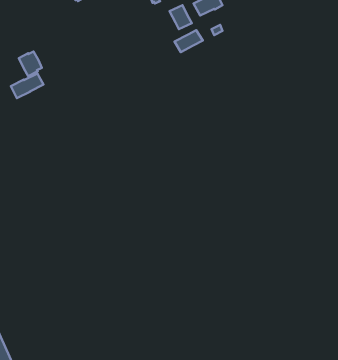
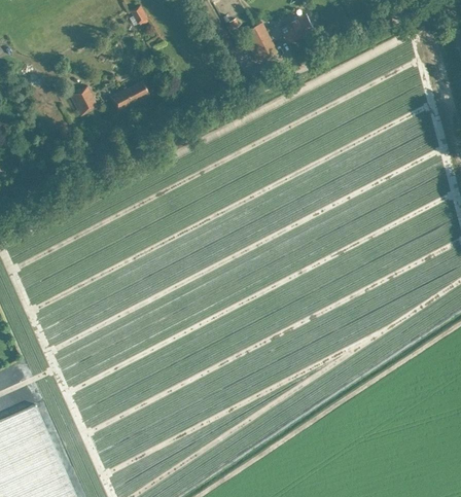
building: [174,30,203,52] -> none
building: [11,73,43,98] -> [111,81,150,111]

